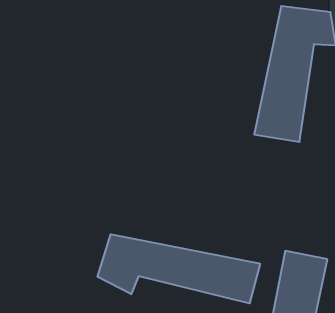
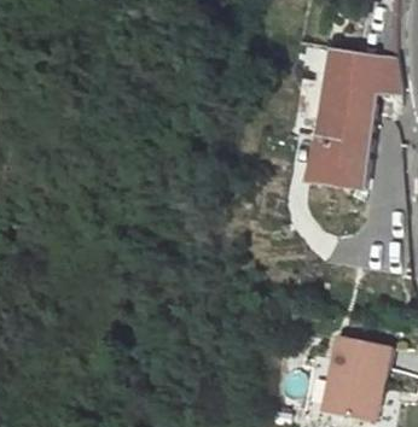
building: [98,234,260,303] -> none

